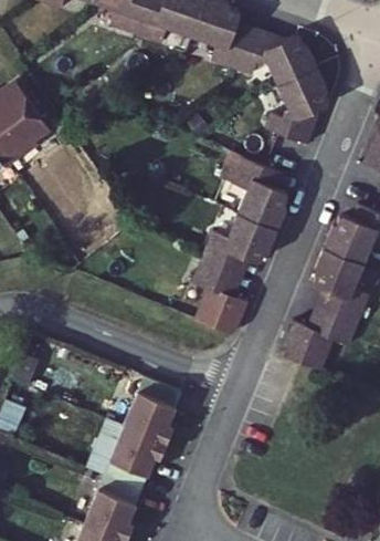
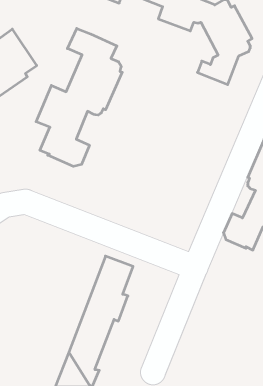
building: none -> [36,28,122,166]
building: [188,157,284,327] -> none

